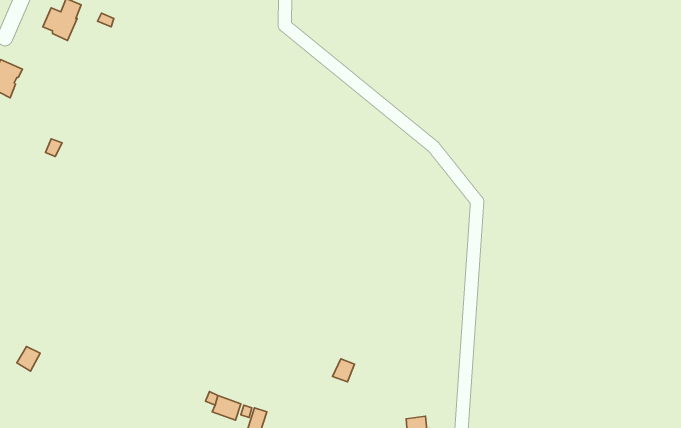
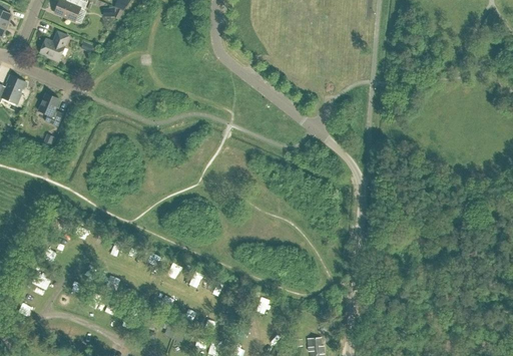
building: none -> [37,92,62,125]

